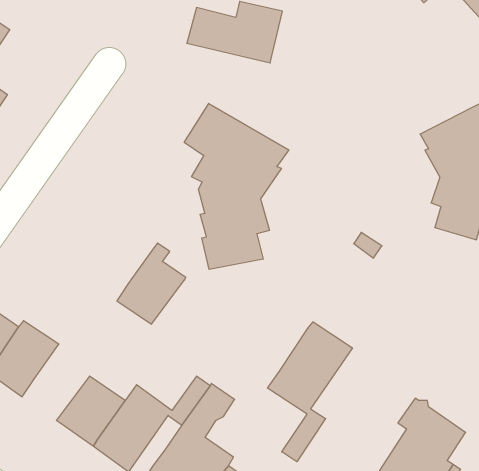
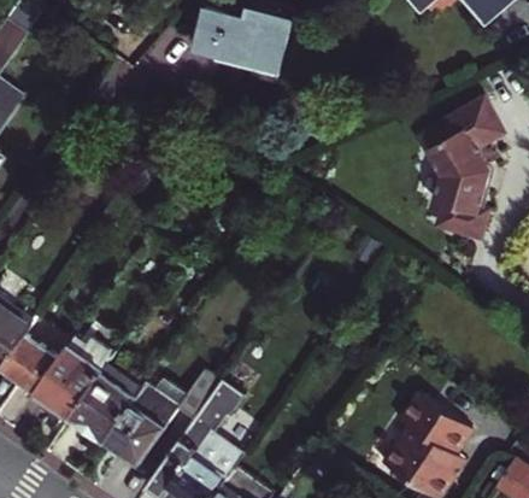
building: [184,103,289,269] -> none
building: [117,243,186,324] -> [34,338,101,417]
building: [268,322,352,462] -> none

